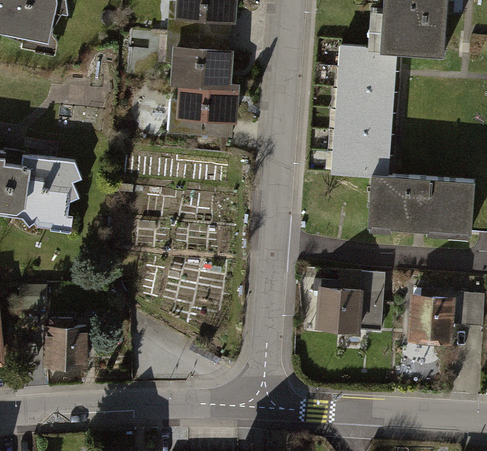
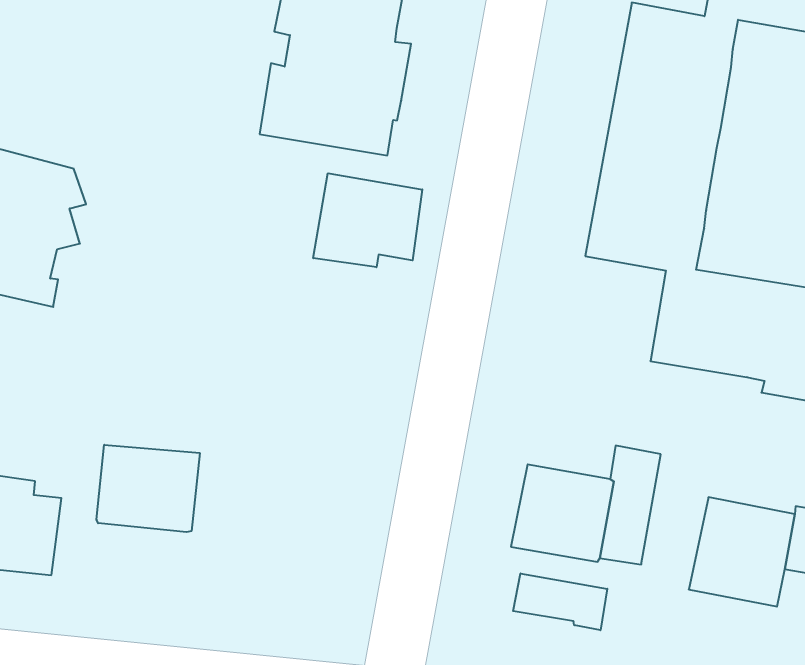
building: none -> [313,173,422,267]
building: none -> [97,445,200,532]
building: none -> [513,573,607,630]

